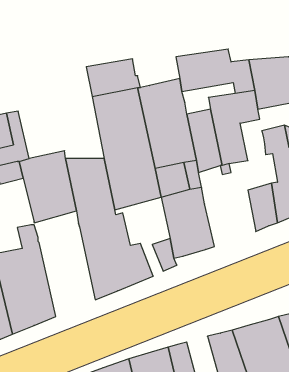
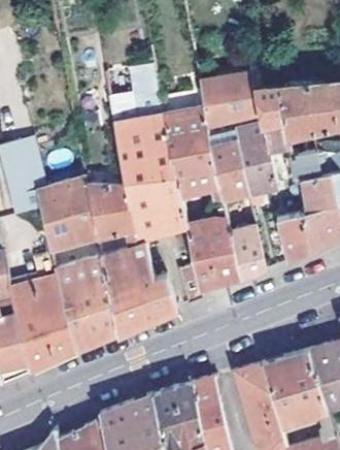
building: none -> [207,108,263,141]
building: none -> [231,227,265,280]
building: none -> [57,259,116,353]

